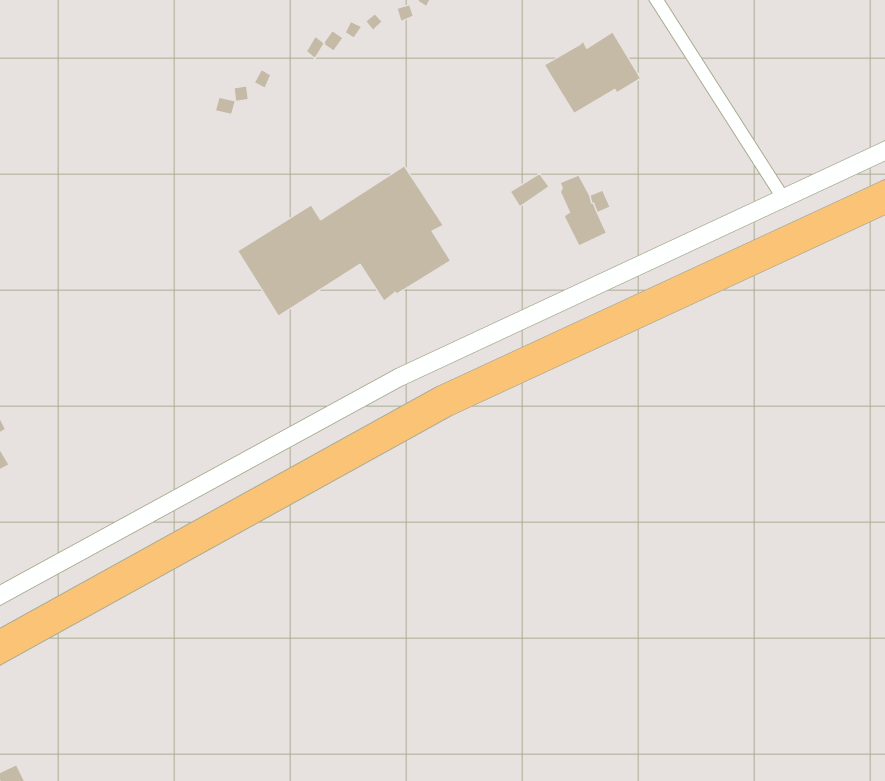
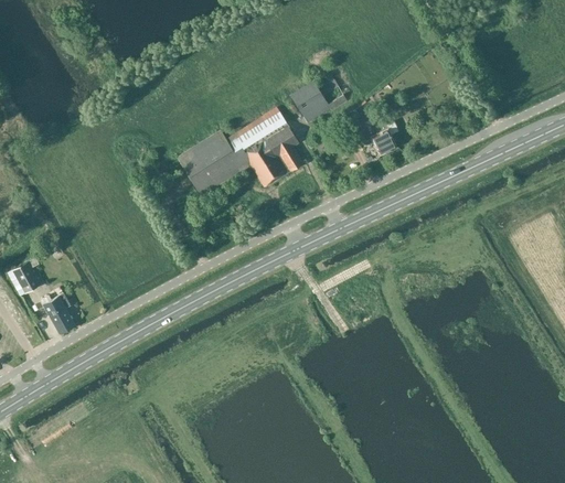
building: [544,32,641,113] -> [289,75,347,124]
building: none -> [41,294,74,334]

